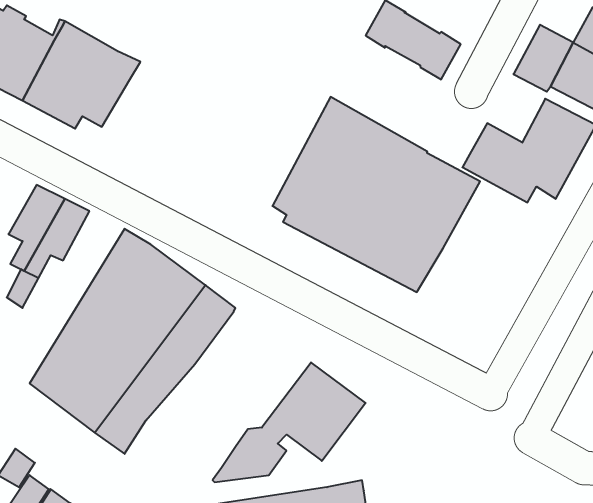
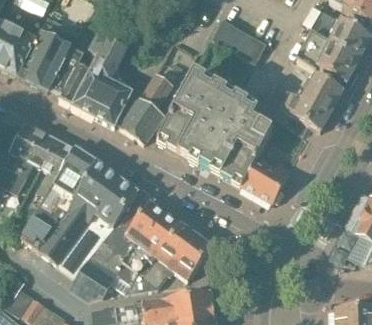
building: none -> [59,33,133,125]
building: none -> [120,77,168,141]
building: none -> [37,137,71,195]
building: none -> [241,158,290,200]
building: none -> [69,192,181,297]

